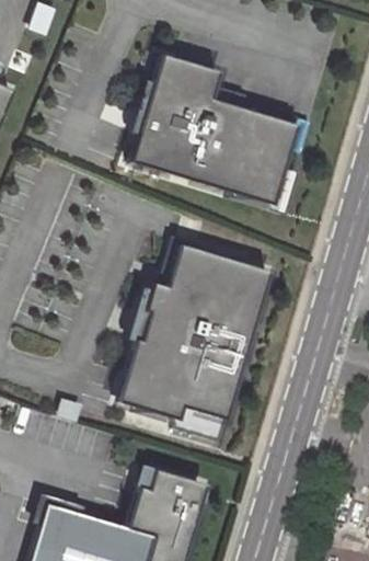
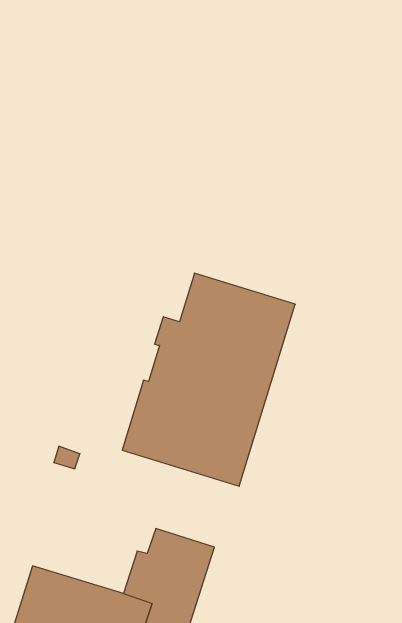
building: [130,55,297,204] -> none

